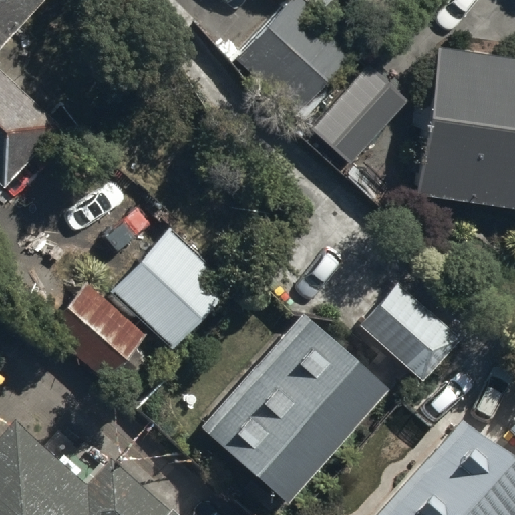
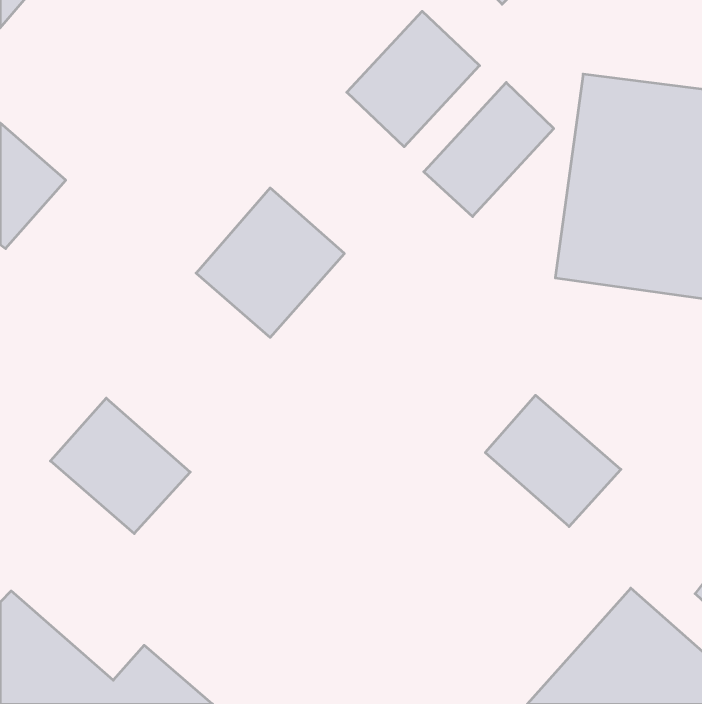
building: [123,237,229,345] -> [196,188,344,337]
building: [207,316,388,501] -> none

